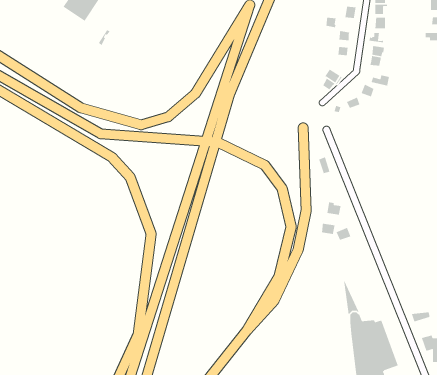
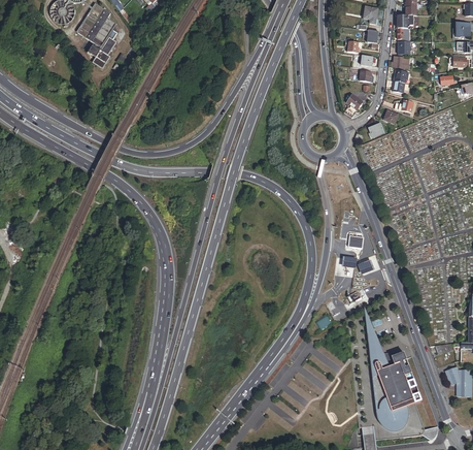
building: none -> [89,30,117,68]

